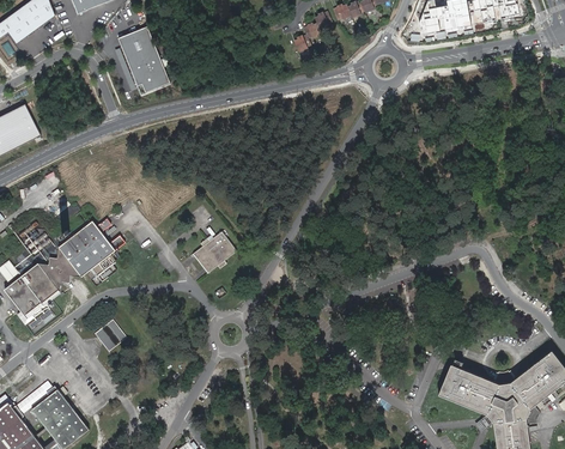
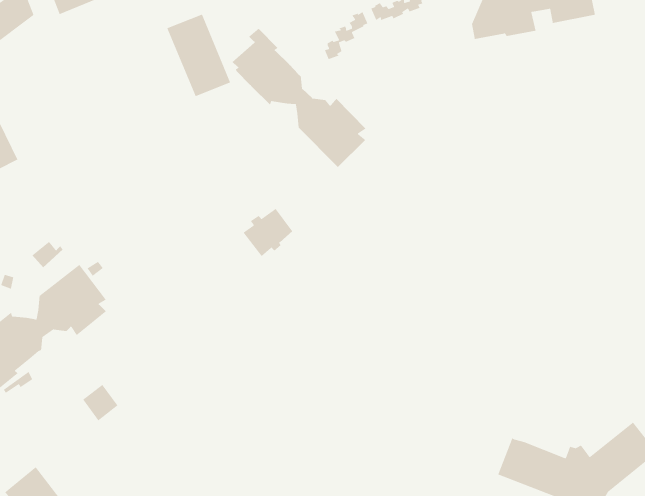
building: none -> [232,28,366,168]
building: [116,26,170,96] -> [166,13,231,97]
building: [193,232,235,273] -> [243,208,293,257]

